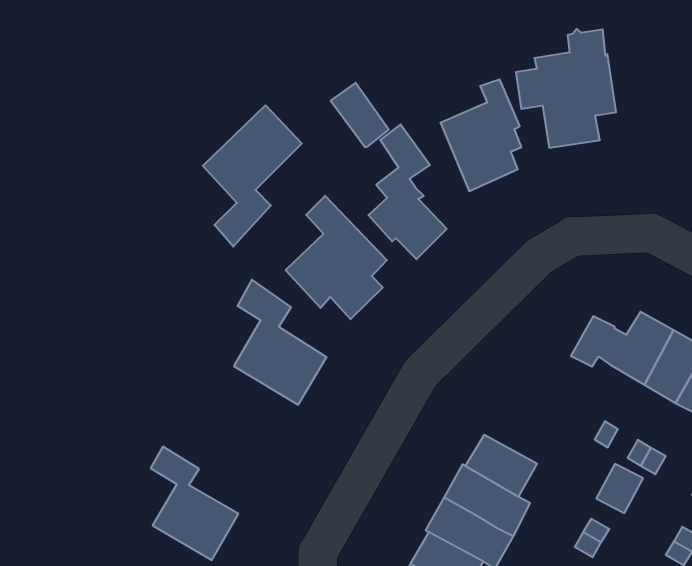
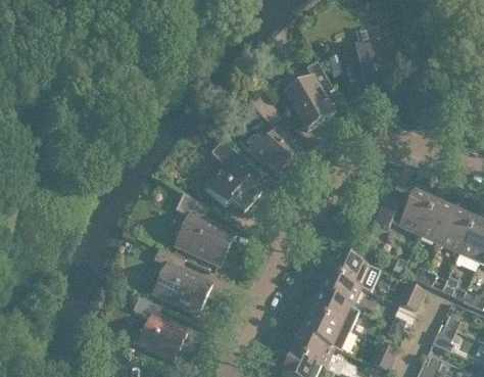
building: [331,83,389,147] -> none
building: [203,105,302,247] -> none
building: none -> [154,247,209,315]
building: none -> [329,248,372,287]

